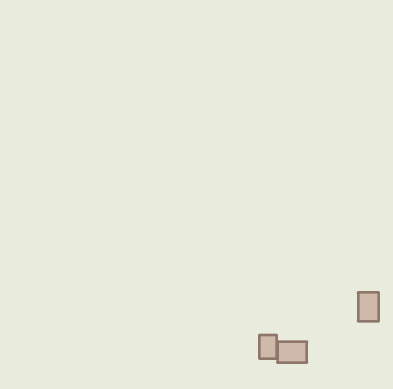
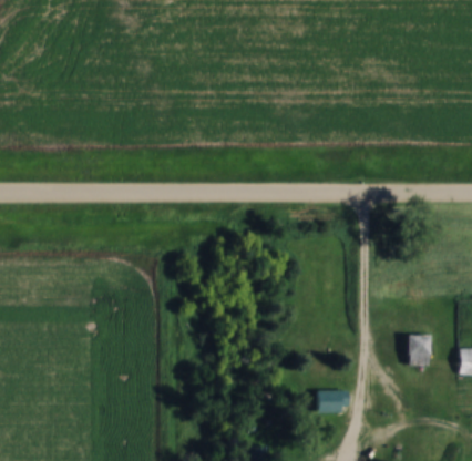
building: [260,335,276,359] -> none

